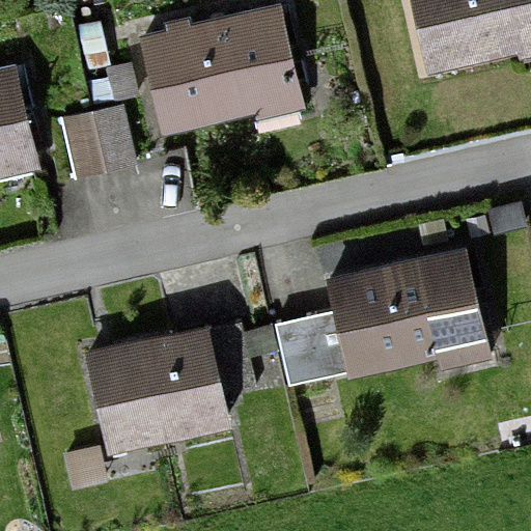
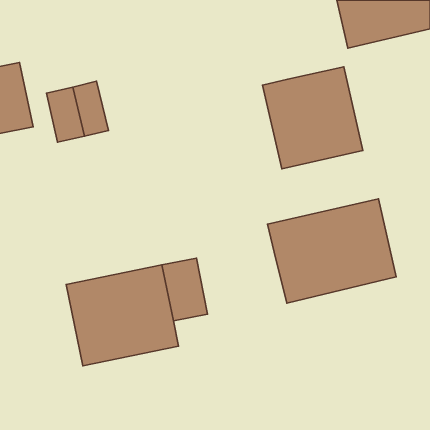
building: [151,24,304,133] -> none
building: none -> [263,67,363,169]
building: [275,312,352,390] -> none

